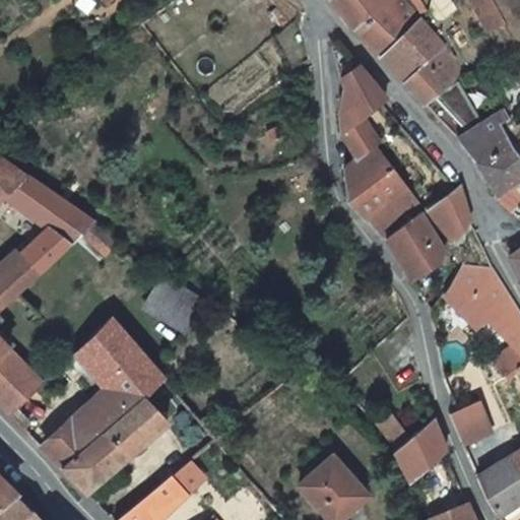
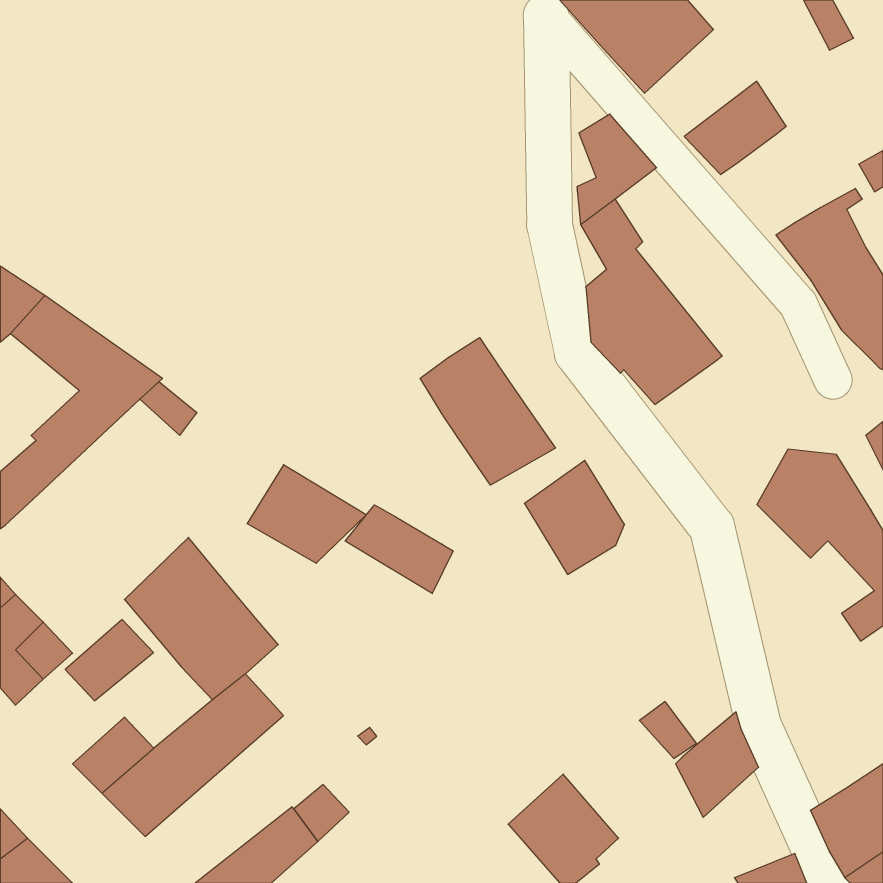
building: [379,18,445,80] -> none
building: [434,78,482,131] -> none
building: [425,185,470,246] -> none
building: none -> [420,338,555,485]
building: [385,212,444,279] -> [524,460,625,574]
building: none -> [345,505,453,594]
building: [73,392,125,440] -> [65,620,153,701]
building: [449,401,492,444] -> none

